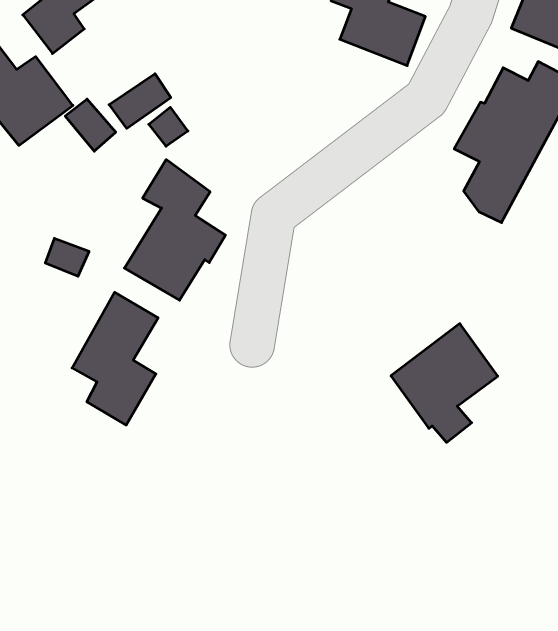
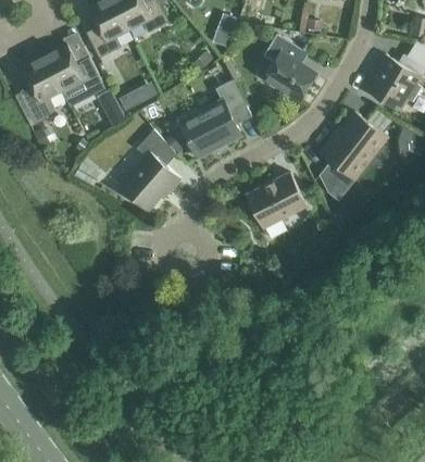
building: none -> [178,79,251,158]
building: [72,292,158,425] -> none
building: [391,324,498,442] -> [246,172,307,238]

